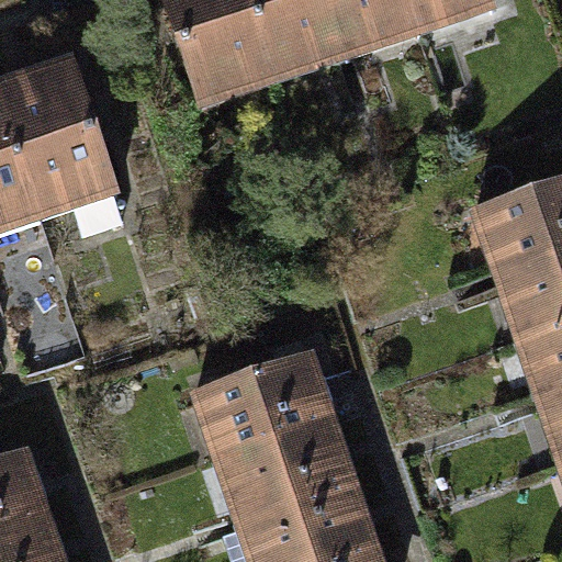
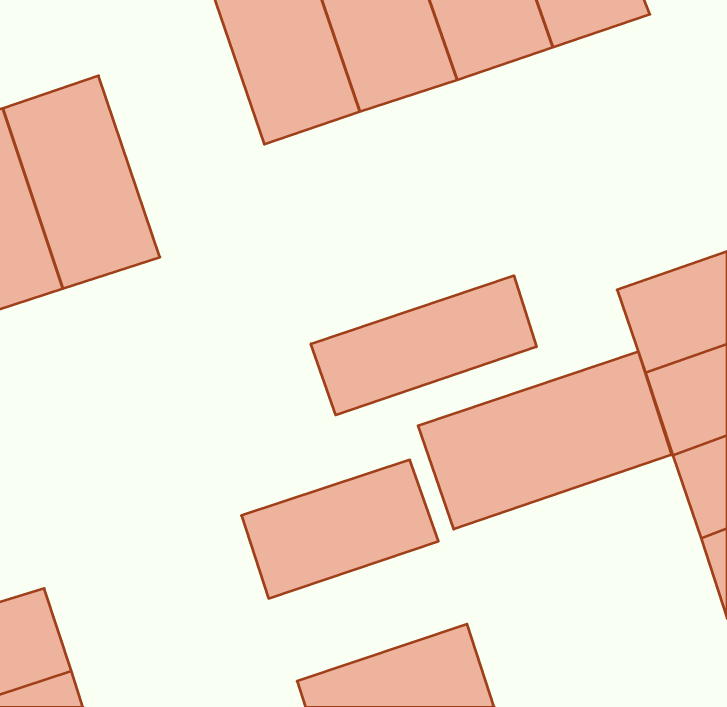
building: none -> [311,276,536,415]
building: none -> [418,352,671,529]
building: [206,416,359,524] -> none

